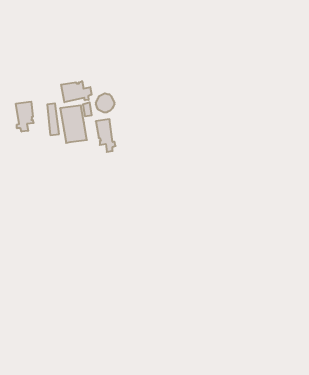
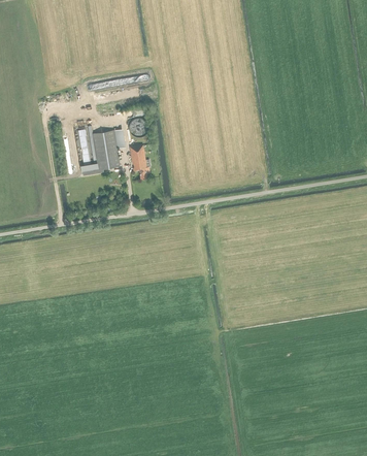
building: [61,81,92,102] -> none
building: [16,102,34,132] -> none

